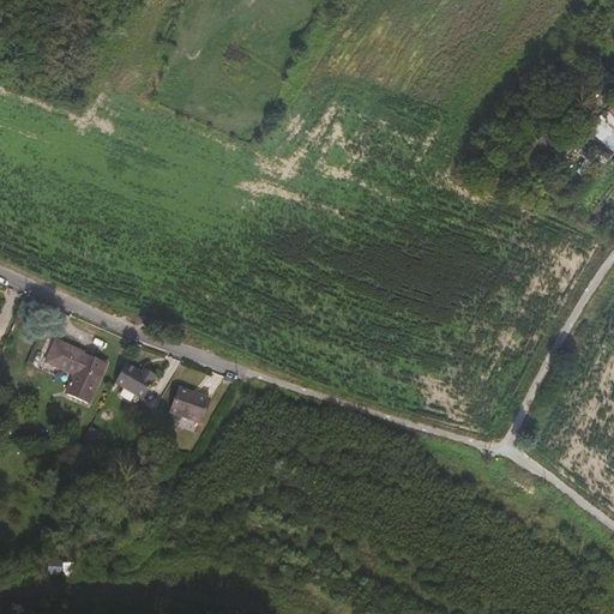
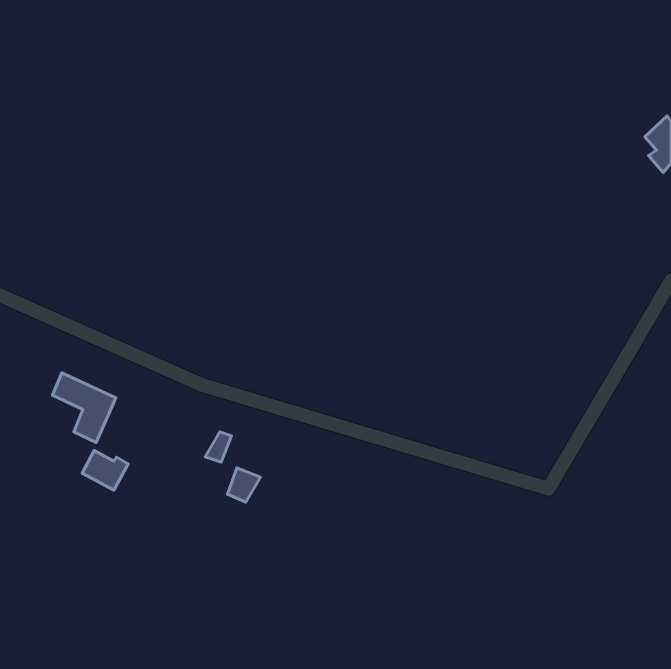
building: [115,362,157,398] -> [82,451,128,490]
building: [170,385,200,416] -> [227,468,260,502]

